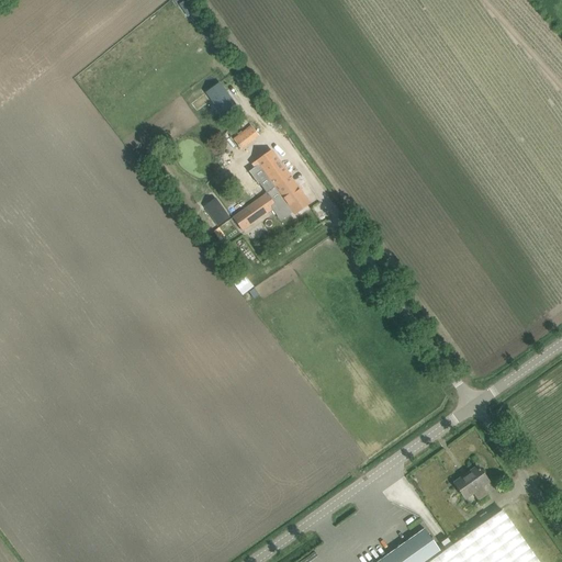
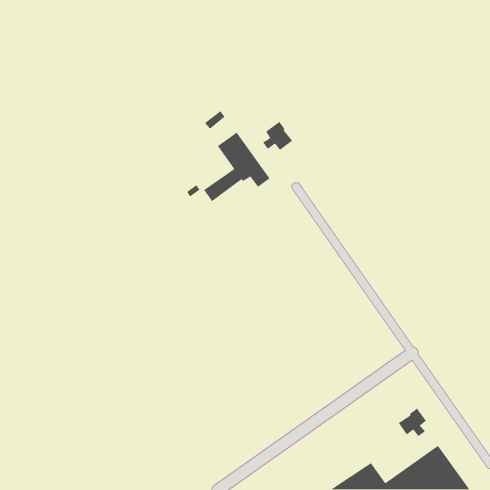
building: [206,83,235,114] -> none
building: none -> [262,121,293,151]

